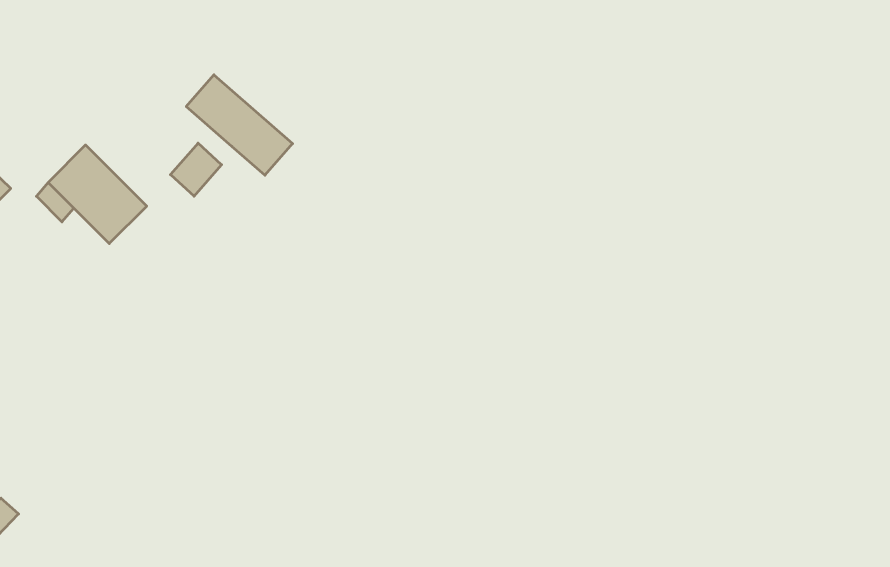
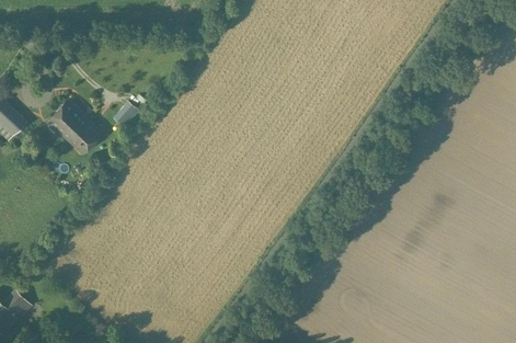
building: [186,75,293,175] -> none

